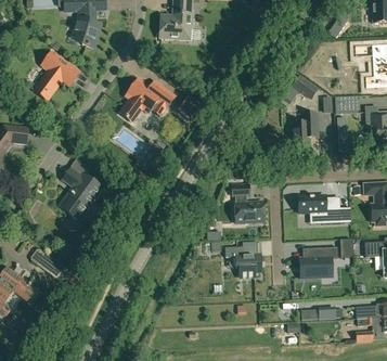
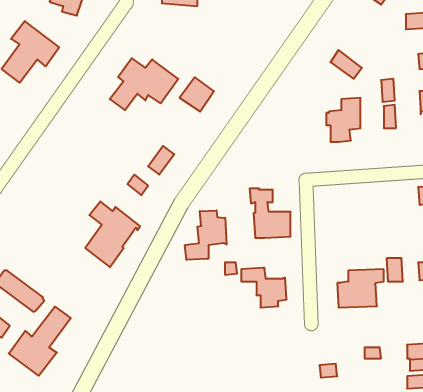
building: [60,168,103,220] -> [85,201,140,267]
building: [298,195,340,223] -> none
building: none -> [185,210,227,260]
building: none -> [9,307,71,376]

